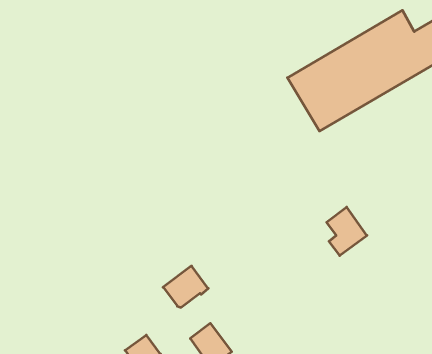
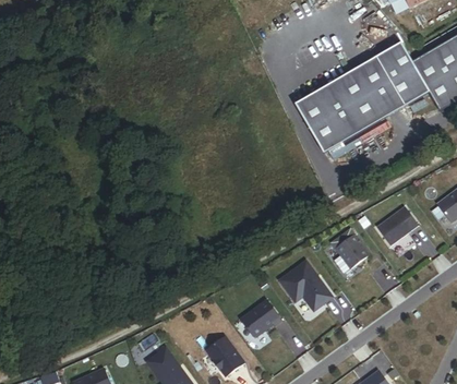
building: none -> [376,205,419,244]
building: none -> [279,260,333,310]
building: [163,266,208,307] -> [240,298,281,336]

